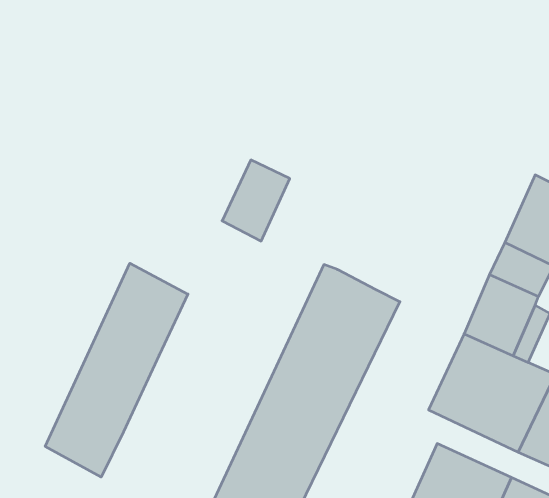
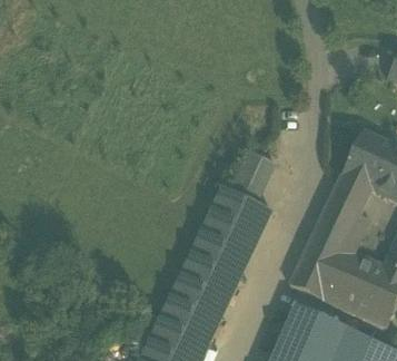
building: [222,160,290,241] -> [229,150,274,204]
building: [45,263,188,477] -> none

